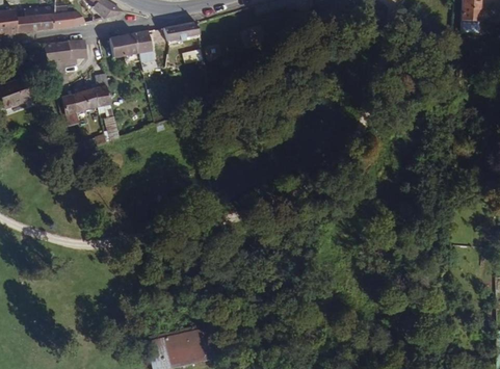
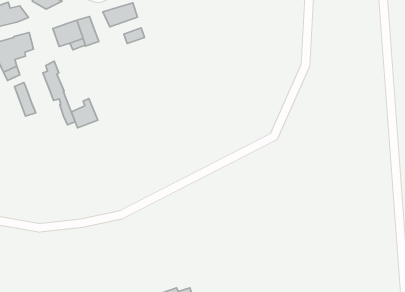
building: [74,83,100,112] -> [71,98,98,128]

